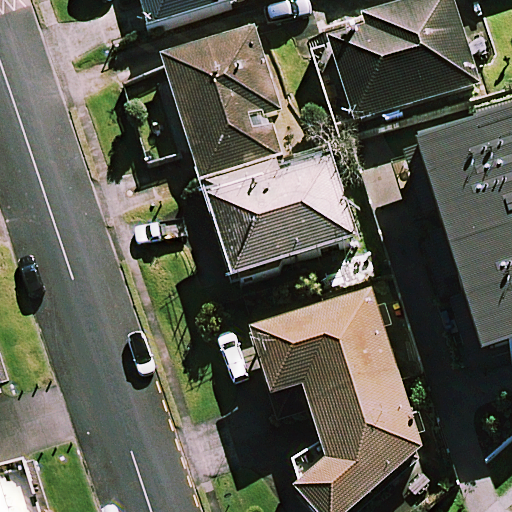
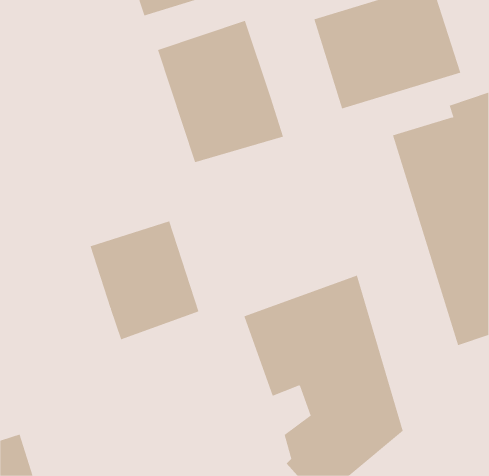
building: [203,143,357,274] -> none
building: none -> [90,220,199,340]

